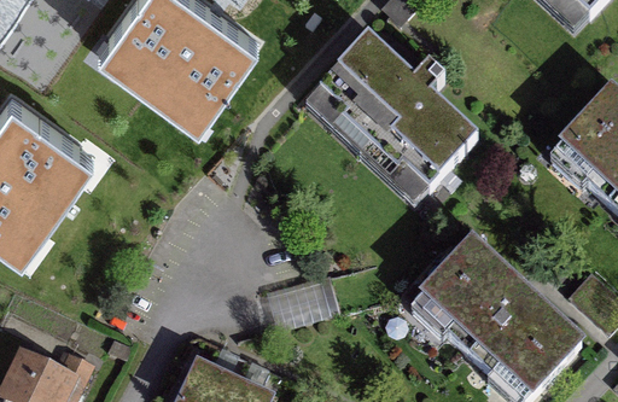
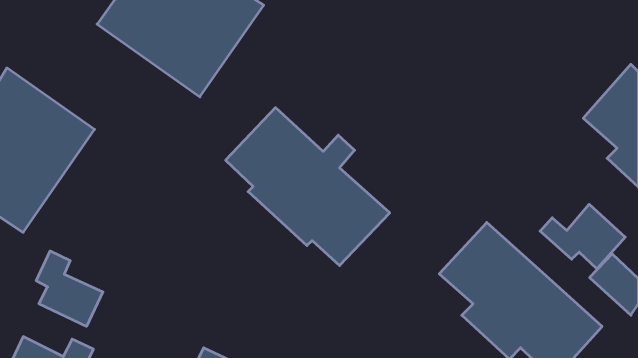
building: [319,40,477,192] -> [226,108,390,266]
building: none -> [540,204,625,269]
building: none -> [36,251,103,326]

